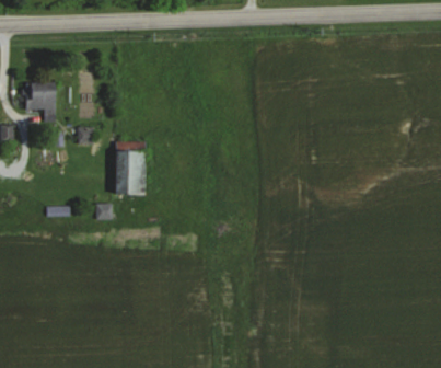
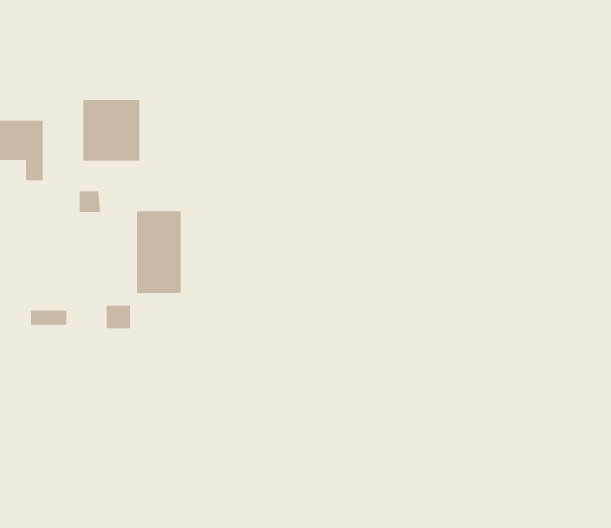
building: none -> [83,99,140,161]

